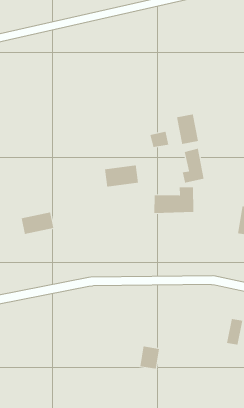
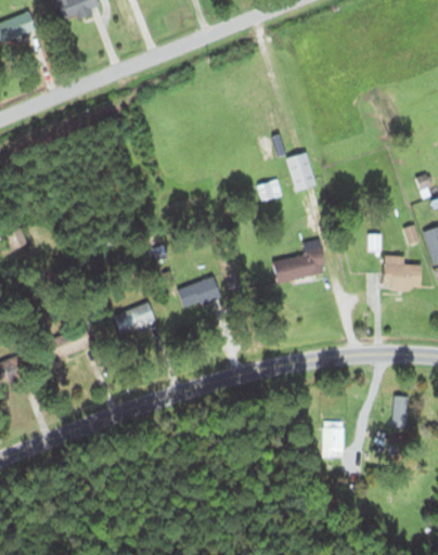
building: [182,148,204,183] -> none
building: [104,165,139,187] -> [176,275,221,309]
building: [139,346,160,369] -> [321,422,343,448]

